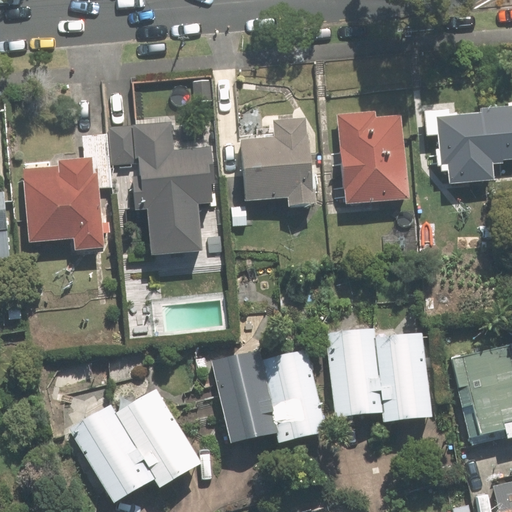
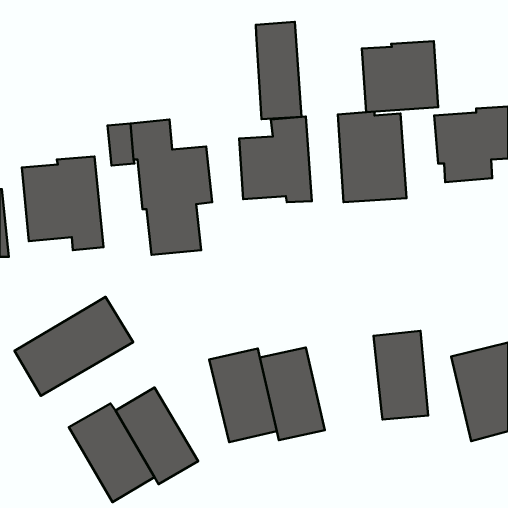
building: none -> [256,22,302,119]
building: none -> [362,41,438,112]
building: none -> [14,297,133,396]
building: [325,328,383,418] -> none

